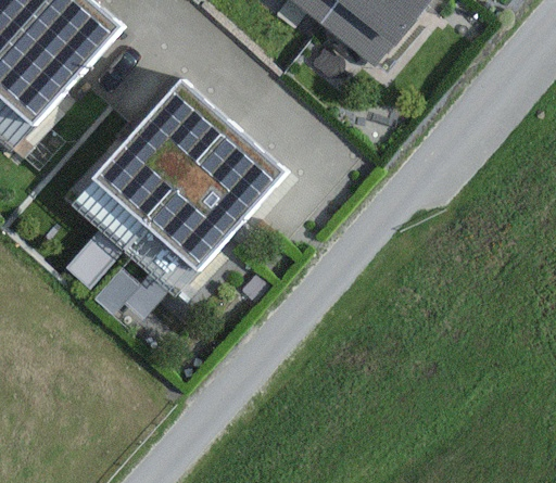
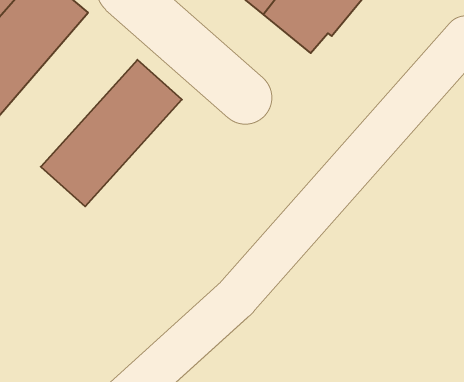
building: [117,124,282,300] -> none

